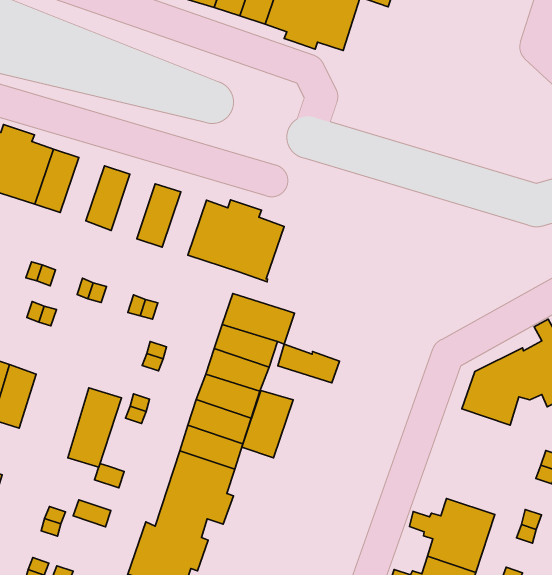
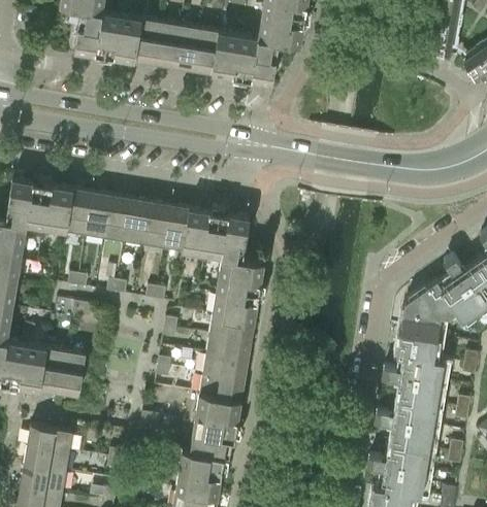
building: none -> [85,191,111,236]
building: none -> [124,197,151,243]
building: none -> [163,204,190,249]
building: [278,344,339,383] -> [220,256,264,278]
building: [68,388,121,467] -> none
building: [242,391,293,458] -> none
building: none -> [383,330,444,403]

